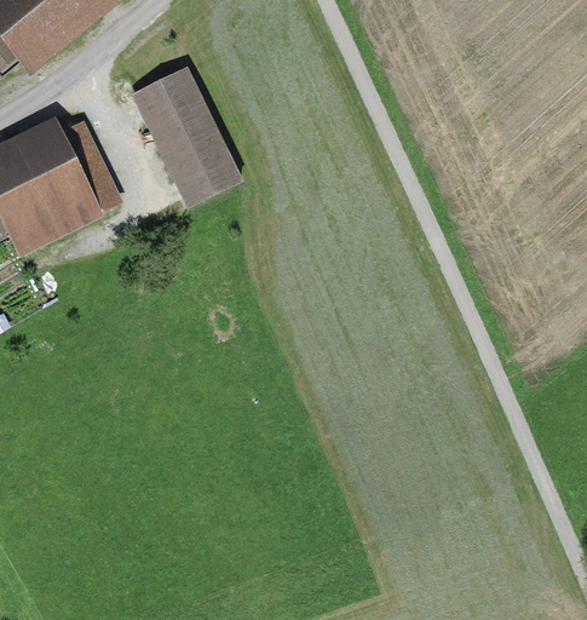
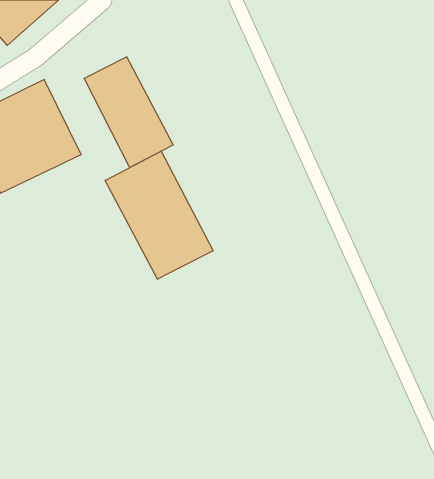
building: none -> [105,151,213,279]

